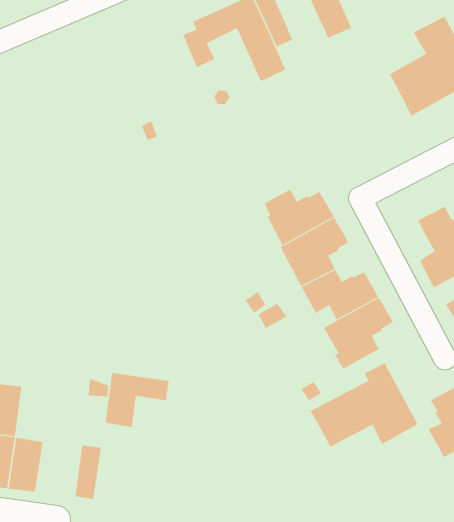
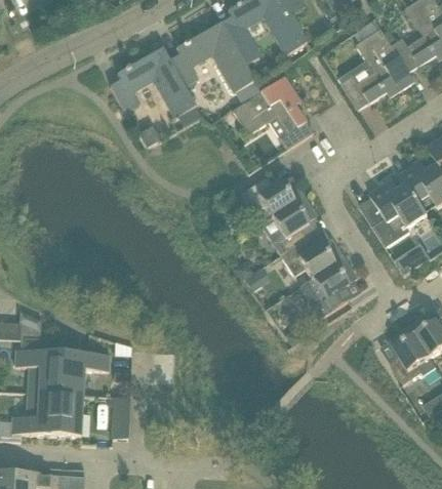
building: none -> [109,47,194,116]
building: none -> [232,75,312,148]
building: [310,363,418,448] -> none
building: [105,372,170,428] -> [59,351,109,394]

